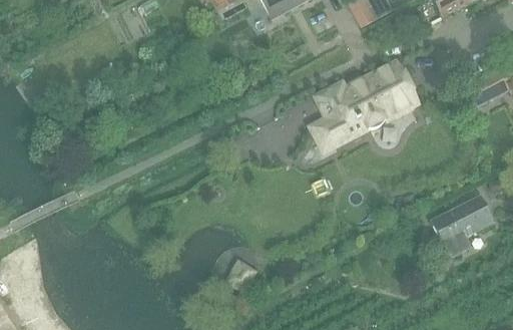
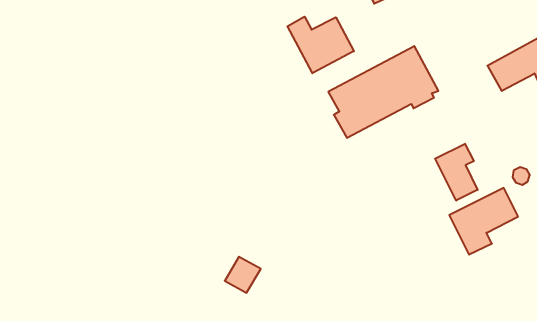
building: none -> [287,17,354,73]
building: none -> [435,144,478,201]

